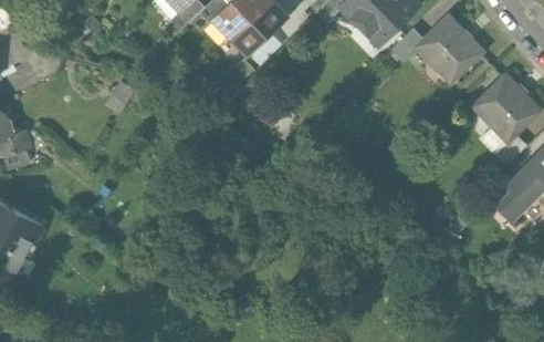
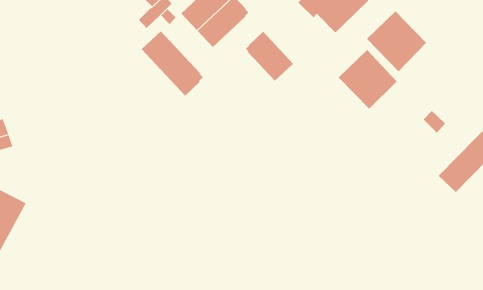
building: none -> [141,31,204,96]
building: none -> [245,31,294,82]
building: [473,74,538,141] -> [338,49,398,110]

